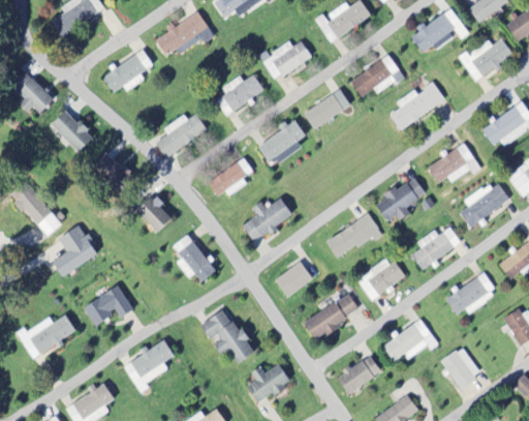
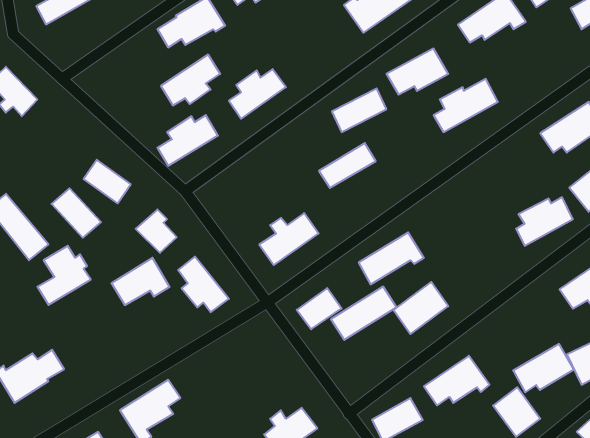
building: [458,37,514,81] -> none
building: [259,40,312,80] -> none
building: [102,49,153,92] -> [161,55,220,105]
building: [51,110,93,152] -> [51,188,101,238]
building: [257,120,306,158] -> [319,143,376,188]
building: [428,143,480,182] -> none
building: [208,157,253,196] -> none
building: [375,177,426,220] -> none
building: [411,227,461,269] -> none
building: [445,273,497,314] -> [513,344,574,392]
building: [83,284,132,325] -> [111,258,170,305]
building: [304,293,360,338] -> [331,287,396,340]
building: [199,307,253,362] -> none

